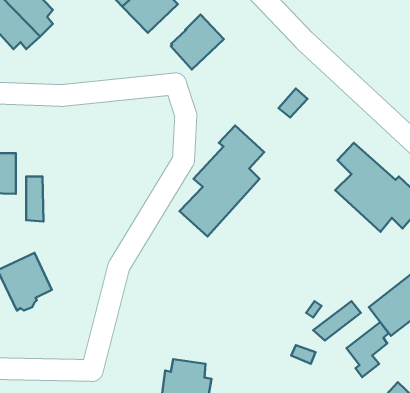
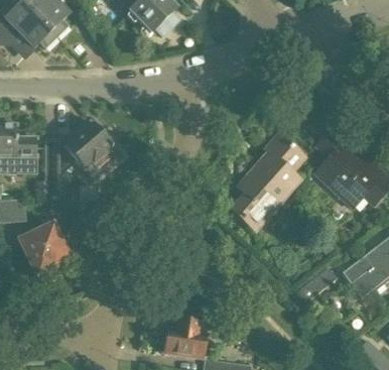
building: [171,15,224,69] -> none
building: [180,126,264,237] -> [231,132,304,229]
building: none -> [63,122,116,176]
building: [347,322,389,377] -> none

